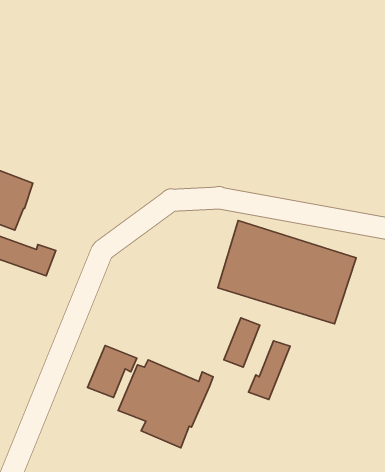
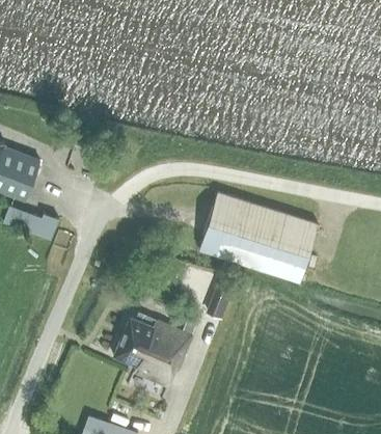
building: [249,341,290,399] -> none
building: [87,345,137,397] -> none

